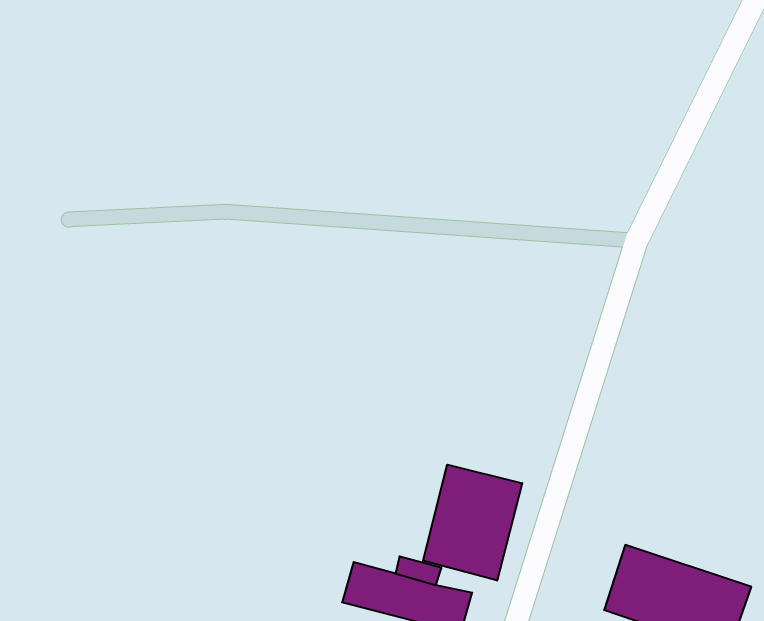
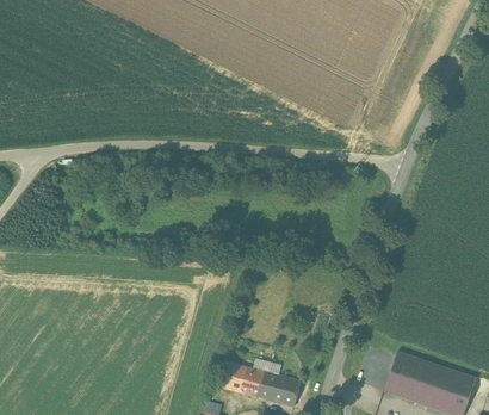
building: [423,465,522,581] -> none

